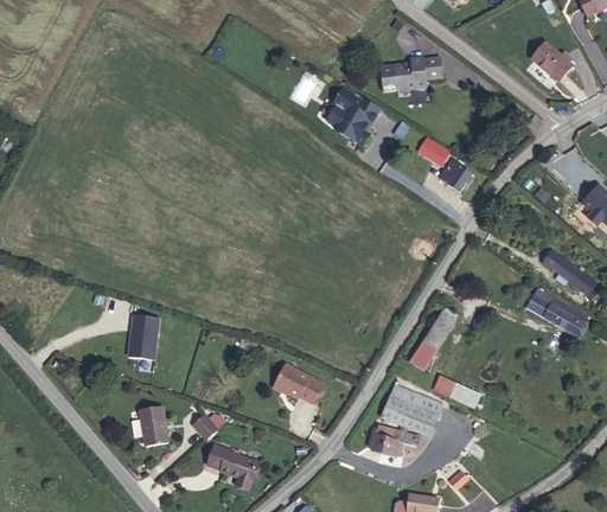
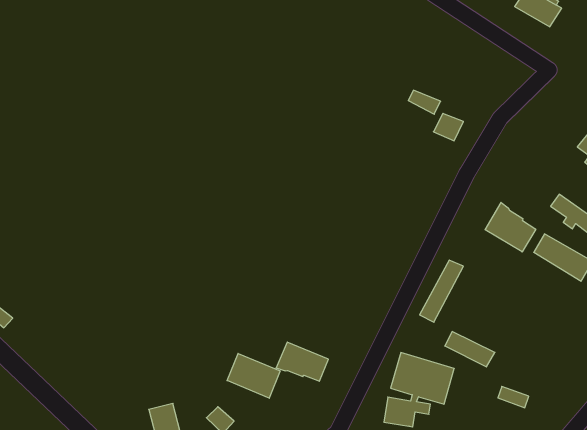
building: [372,55,435,95] -> none
building: [321,88,377,143] -> none
building: none -> [485,202,536,252]
building: [126,314,156,360] -> none
building: none -> [227,353,280,398]

